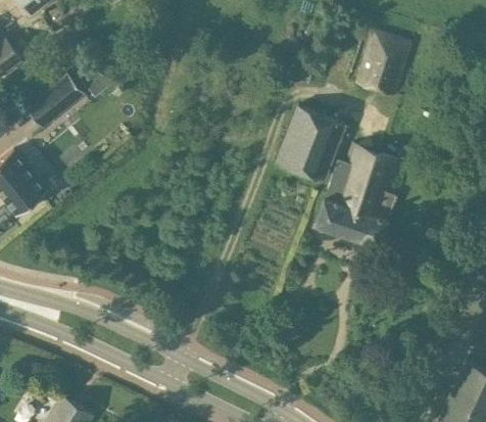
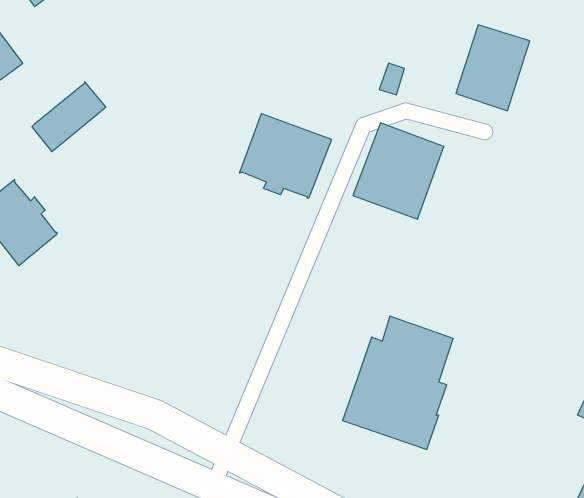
building: none -> [240,113,331,198]
building: [314,144,400,247] -> [342,316,453,450]

